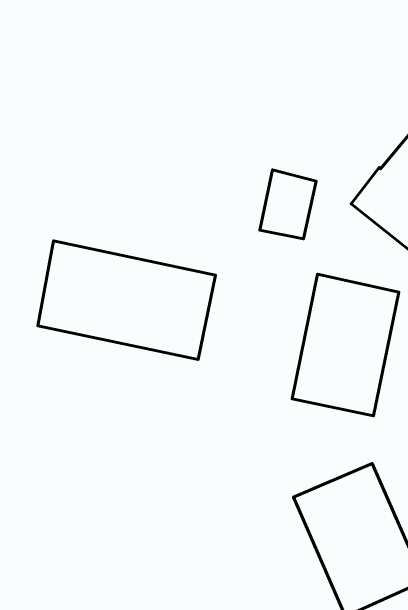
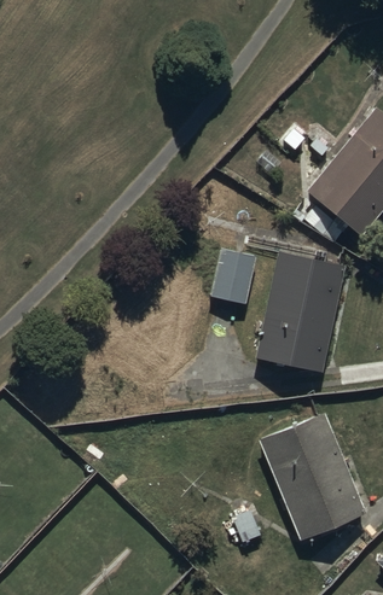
building: [260,170,316,239] -> [209,246,257,305]
building: [38,241,215,359] -> none

